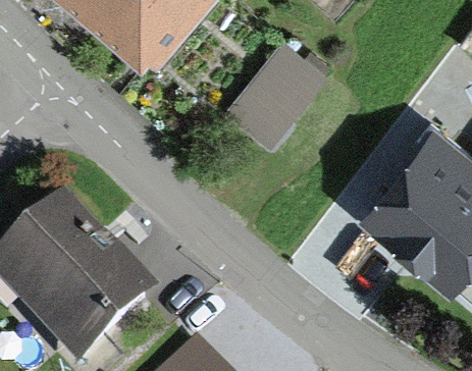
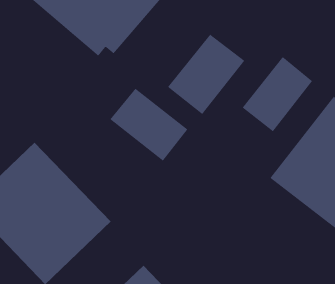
building: none -> [242,56,313,132]
building: none -> [110,88,188,161]

